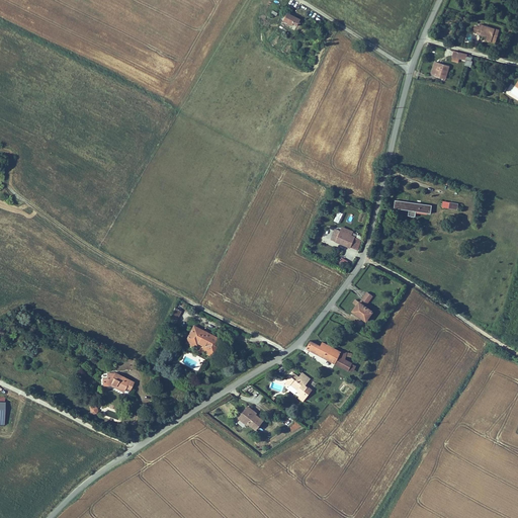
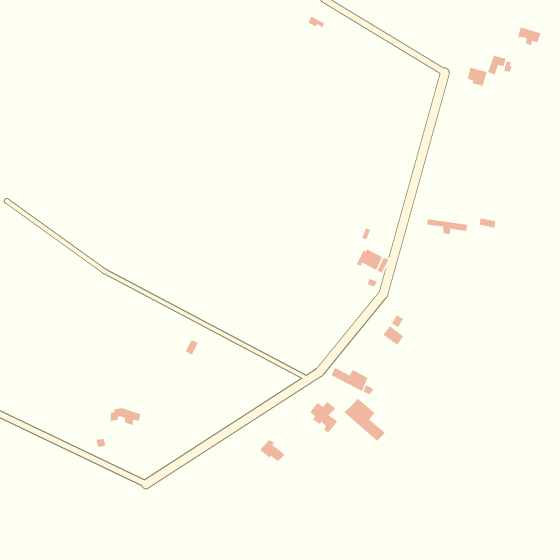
building: [186,331,221,356] -> none
building: none -> [344,398,386,442]

